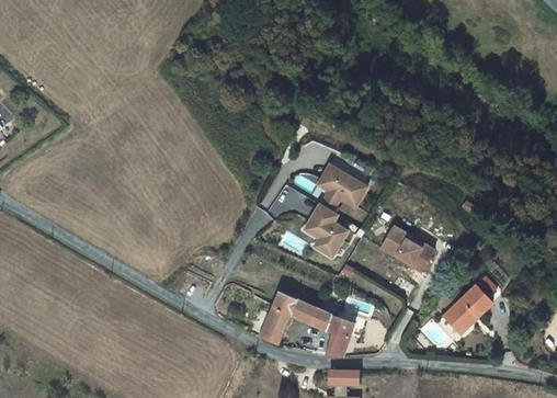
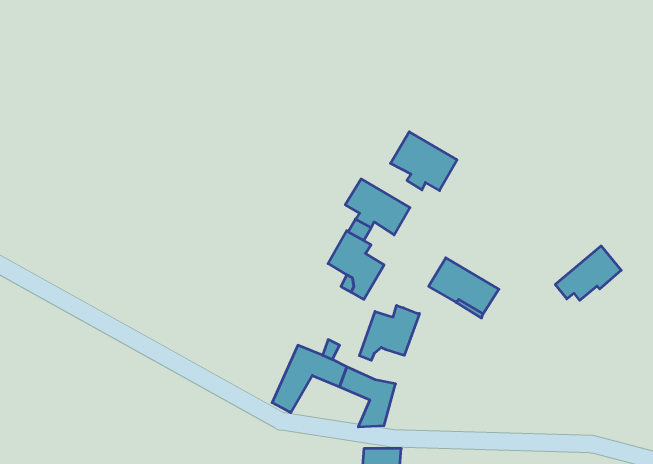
building: none -> [390,132,457,191]
building: none -> [359,305,419,360]
building: [442,285,492,327] -> [555,246,621,300]

